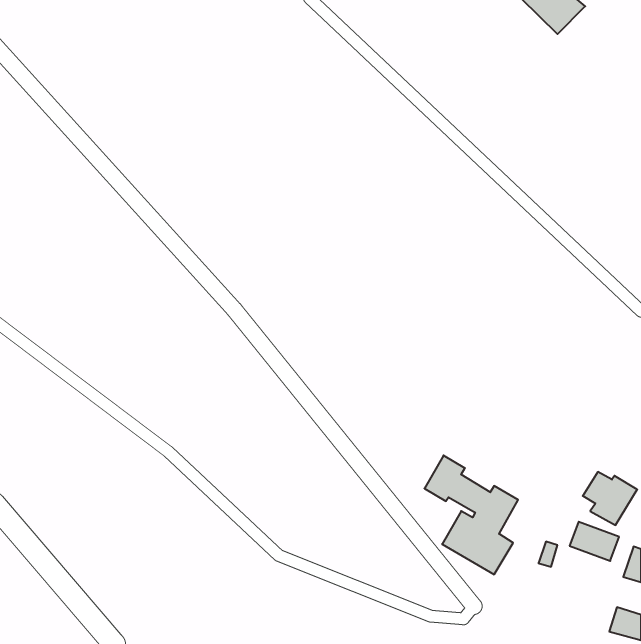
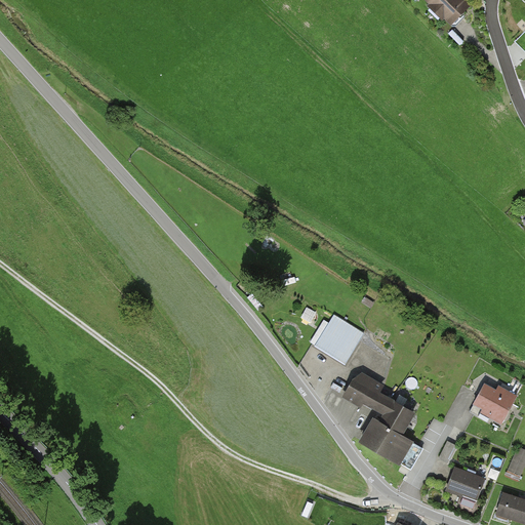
building: none -> [314,314,363,365]
building: [570,522,619,561] -> [444,468,484,499]

